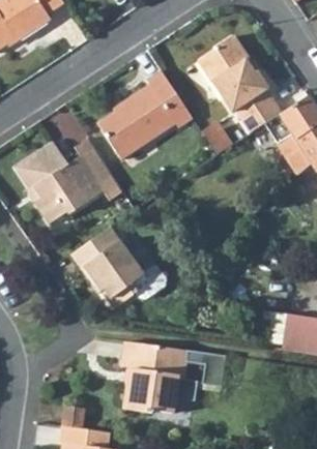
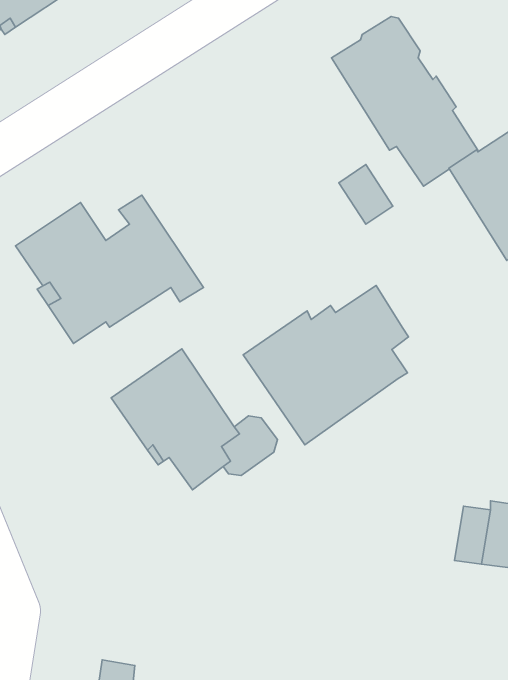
building: [97,70,193,158] -> none
building: none -> [243,285,408,445]
building: [122,340,226,411] -> none

